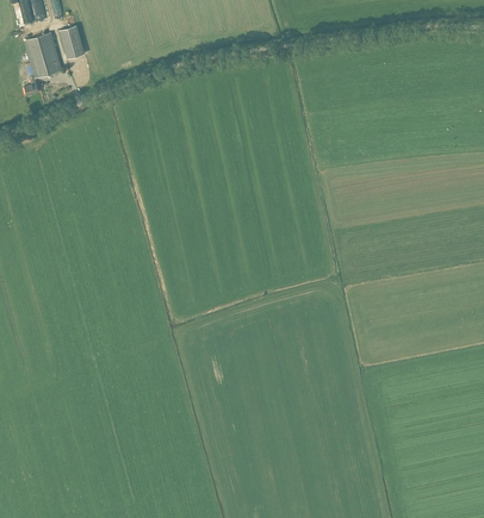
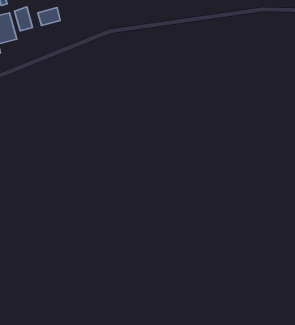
building: none -> [38,8,60,26]

